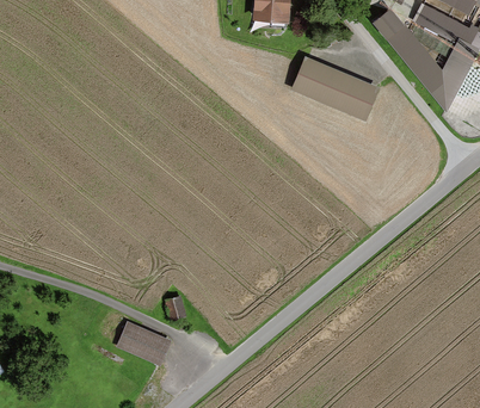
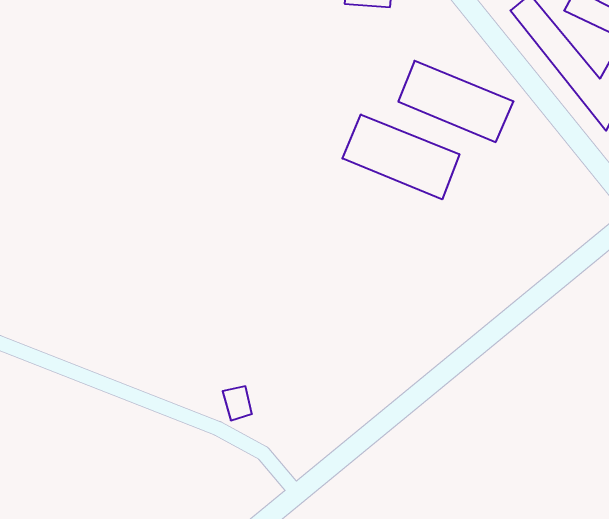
building: none -> [342,114,459,199]
building: [115,321,171,365] -> none

